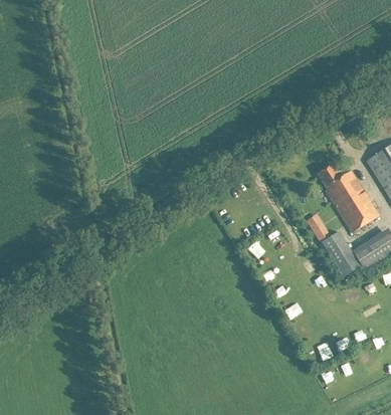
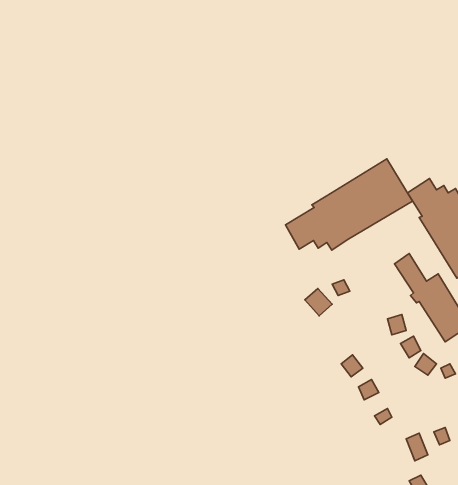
building: none -> [285,159,412,250]

